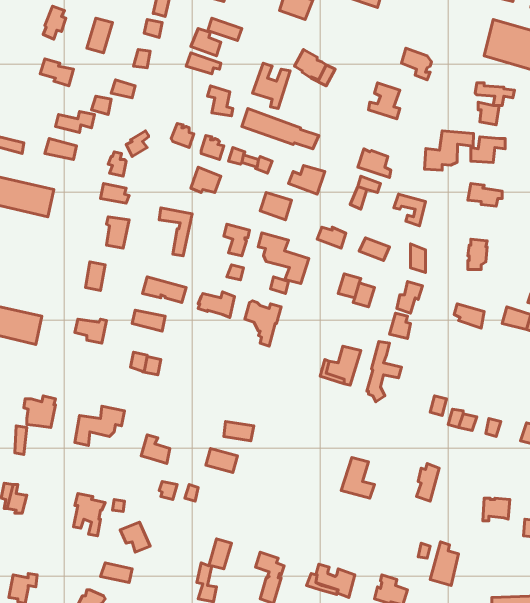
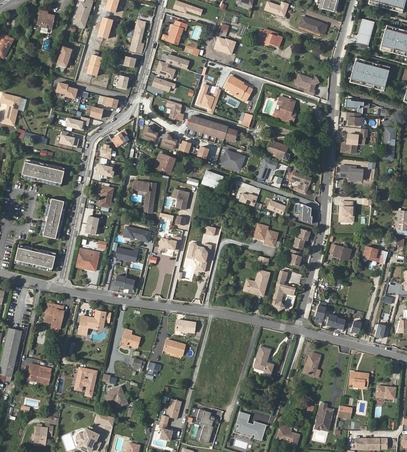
building: [424,131,474,170] -> none
building: [258,233,309,284] -> none
building: none -> [39,197,67,238]

